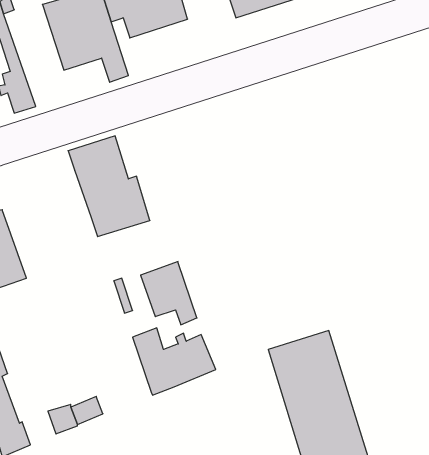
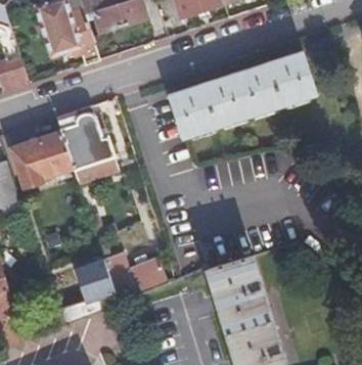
building: none -> [168,55,315,139]
building: none -> [8,134,71,190]
building: [141,262,197,325] -> [74,260,117,308]

